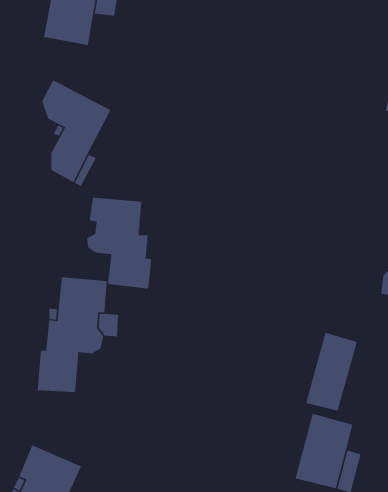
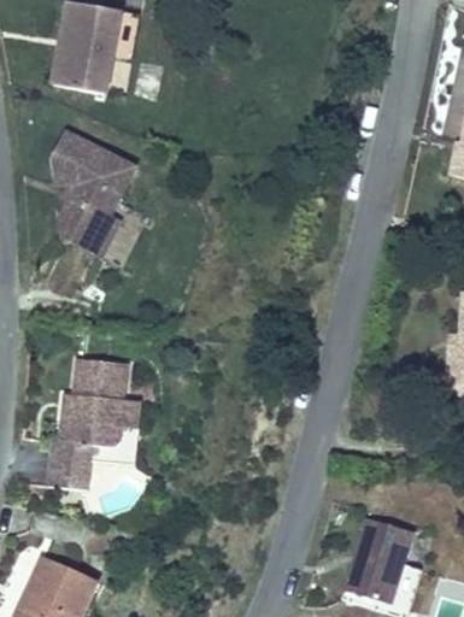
building: [86,197,152,289] -> none
building: [305,332,358,412] -> none

